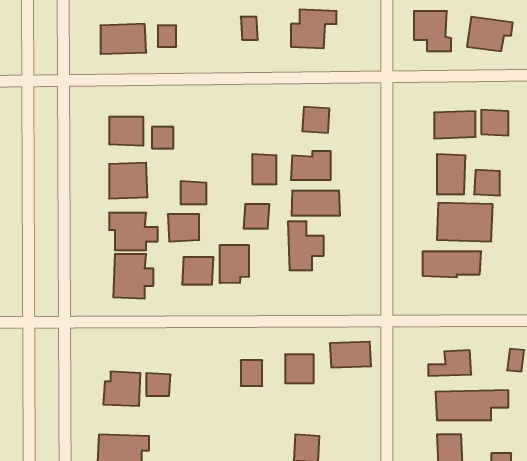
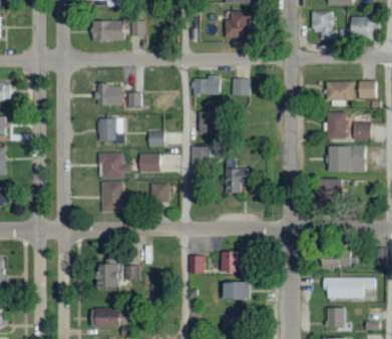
building: [291,151,331,180] -> [193,75,222,95]
building: [292,190,340,216] -> none
building: [220,245,249,283] -> none
building: [330,342,371,368] -> [222,282,251,300]

